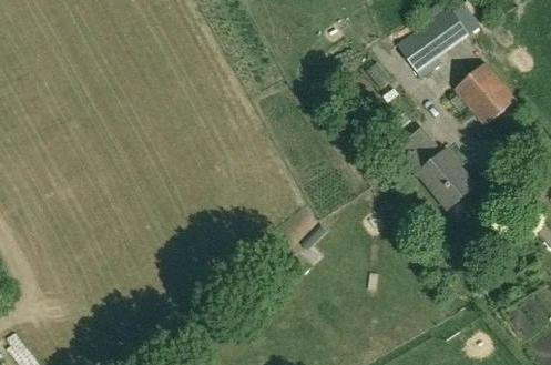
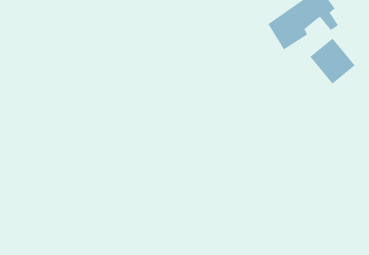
building: [396,129,476,209] -> none

